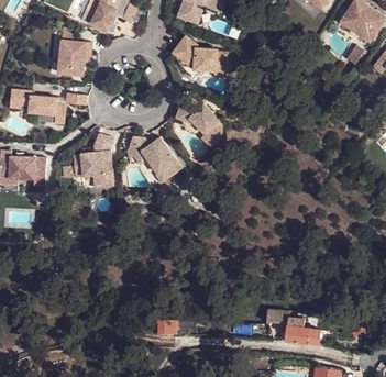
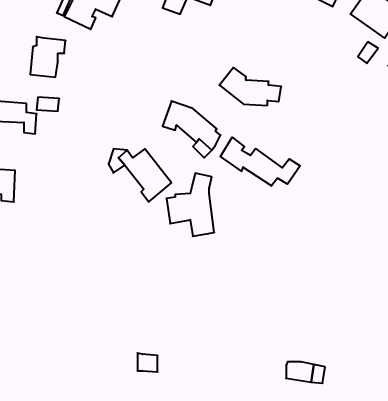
building: [170,36,224,69] -> [219,68,281,105]
building: none -> [220,137,300,186]
building: [73,137,114,192] -> [166,173,214,236]

